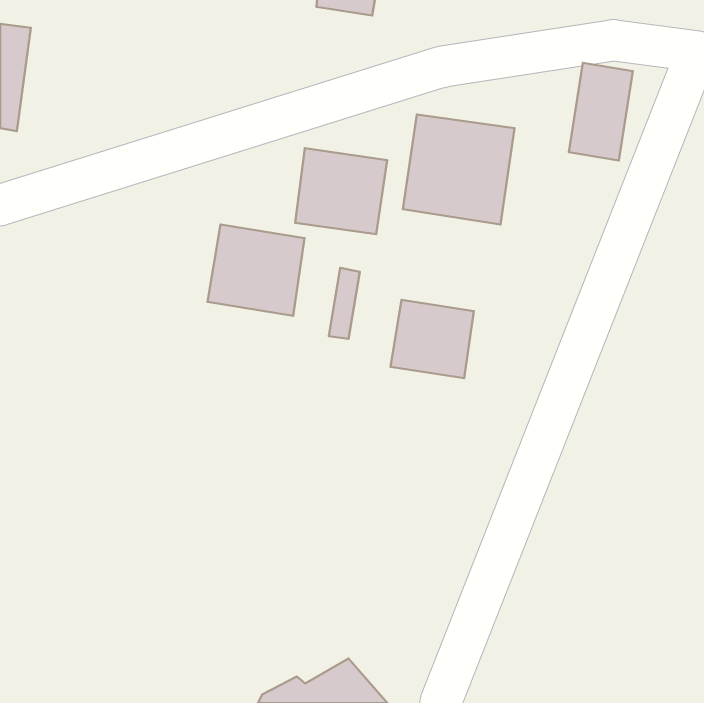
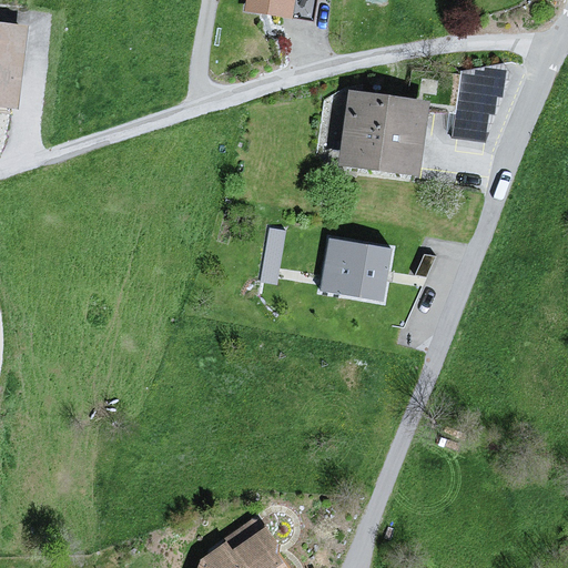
building: [295,148,387,234] -> none
building: [207,225,305,316] -> none

